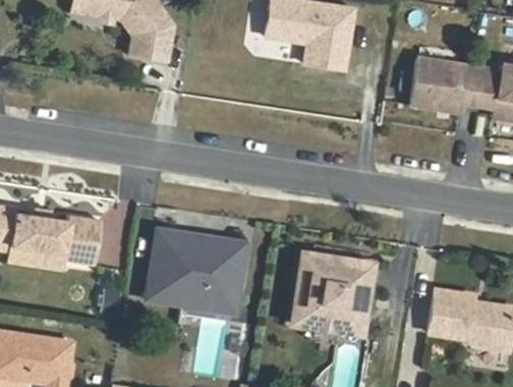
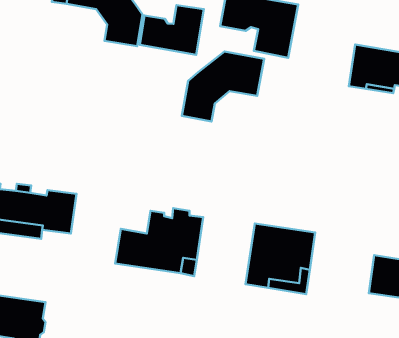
building: none -> [140,5,204,55]
building: none -> [182,52,264,121]
building: [152,230,211,267] -> none

